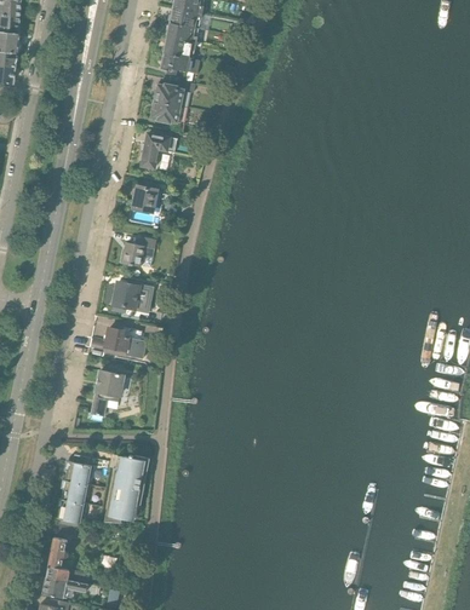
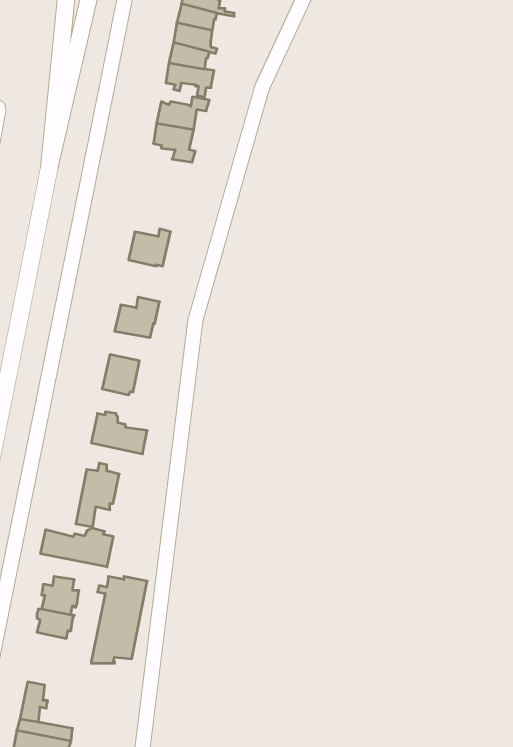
building: [142,132,177,168] -> none
building: none -> [41,528,113,567]
building: [58,497,87,522] -> none

